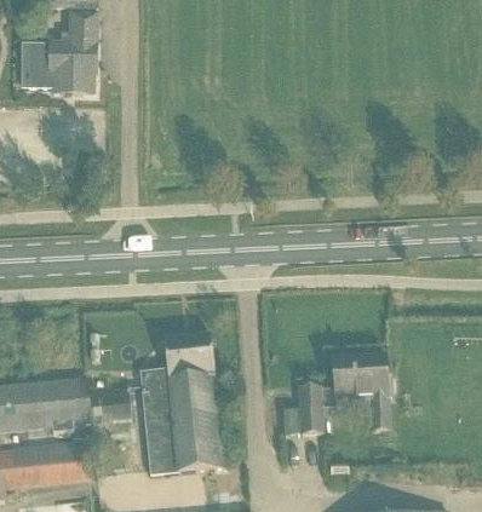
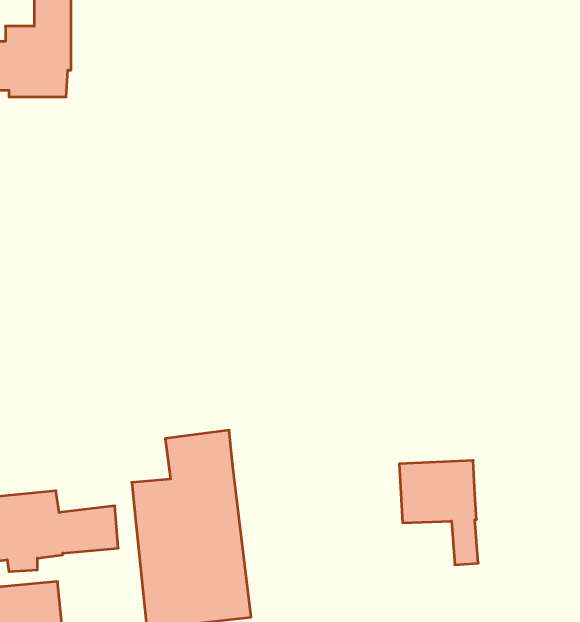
building: [298,387,321,435] -> none

